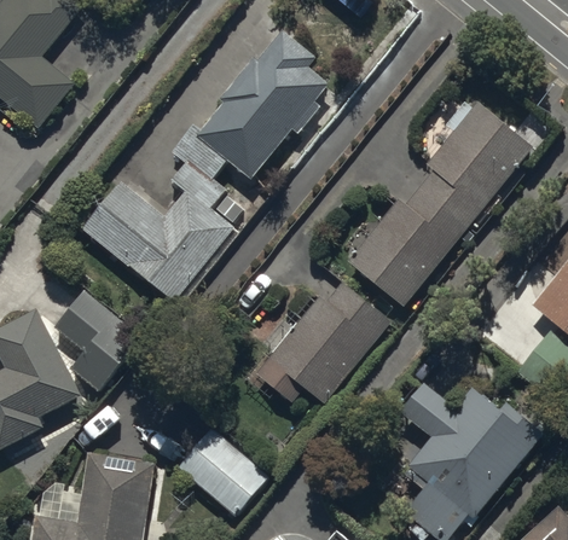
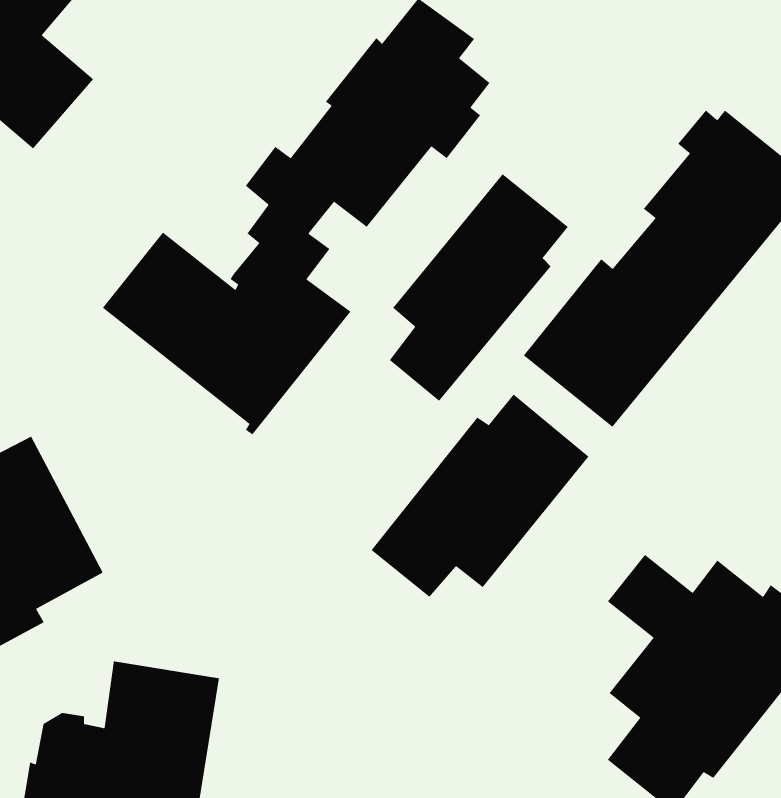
building: none -> [389,173,569,402]
building: [56,291,143,393] -> none
building: [178,425,271,517] -> none

